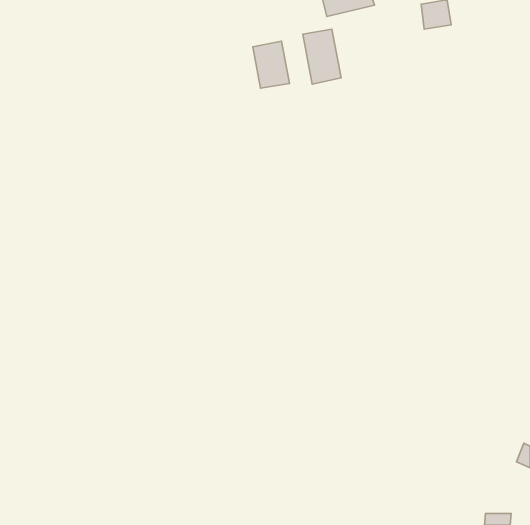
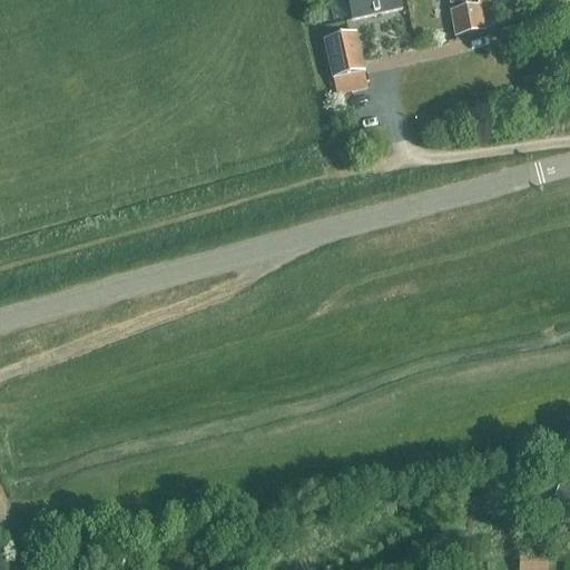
building: [253,41,290,88] -> none

